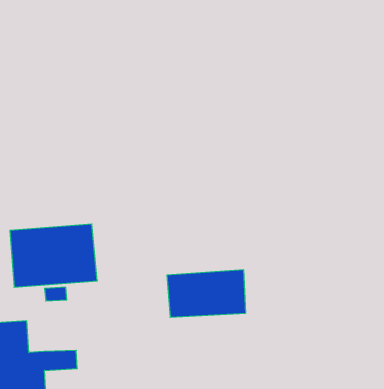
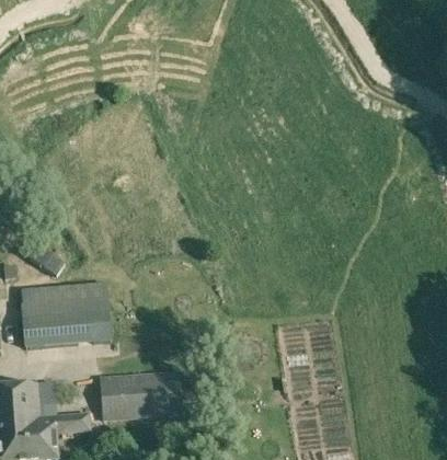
building: [167,270,246,317] -> [100,370,182,419]

